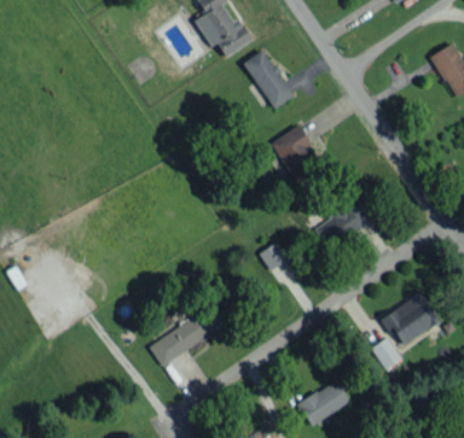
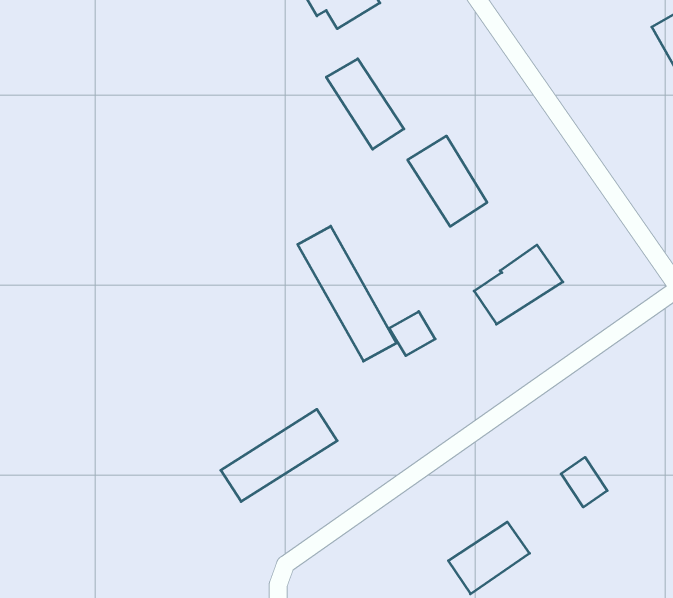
building: [244,51,295,110] -> [326,59,404,149]
building: none -> [298,226,397,361]
building: [381,296,437,344] -> none

